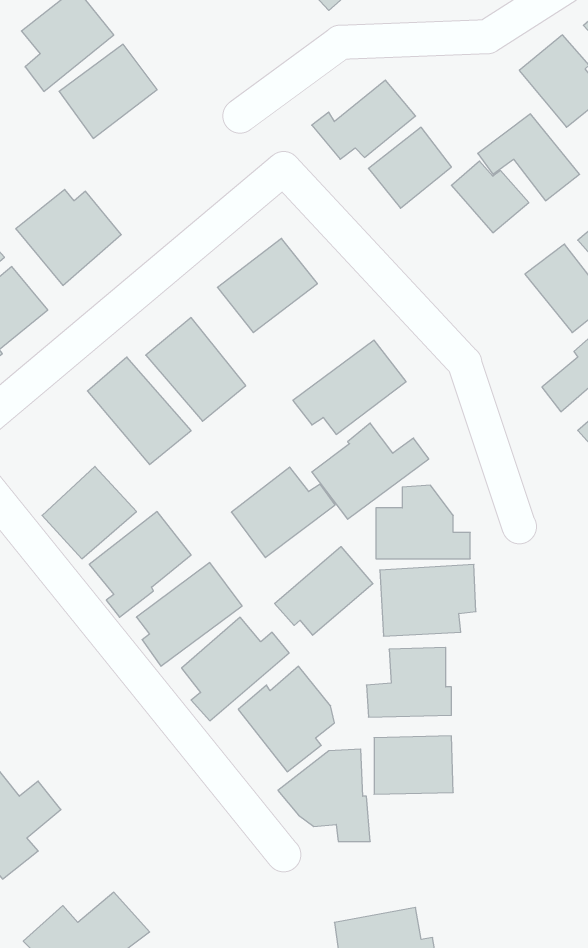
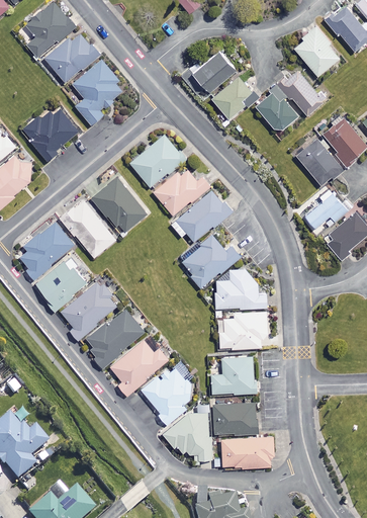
building: none -> [73,59,123,124]
building: none -> [18,221,75,277]
building: [231,467,335,558] -> [154,166,209,214]
building: [275,547,373,635] -> none
building: none -> [219,437,273,467]

